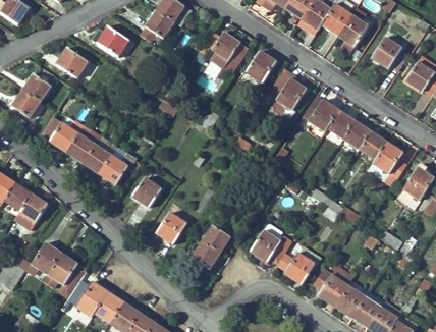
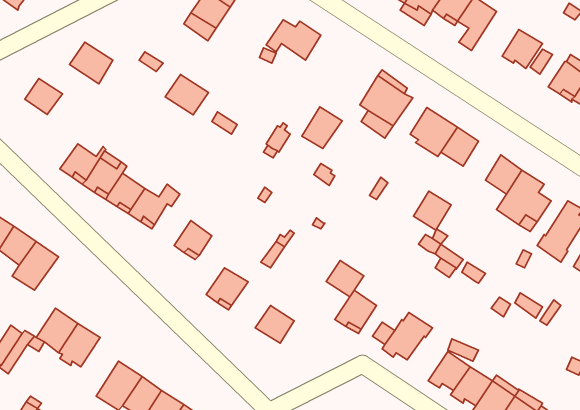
building: [97,26,128,56] -> [165,74,209,115]
building: [247,51,276,81] -> [302,107,342,149]
building: [12,90,40,117] -> none
building: [343,120,371,149] -> [414,191,451,230]
building: [203,225,230,252] -> [326,261,364,297]

